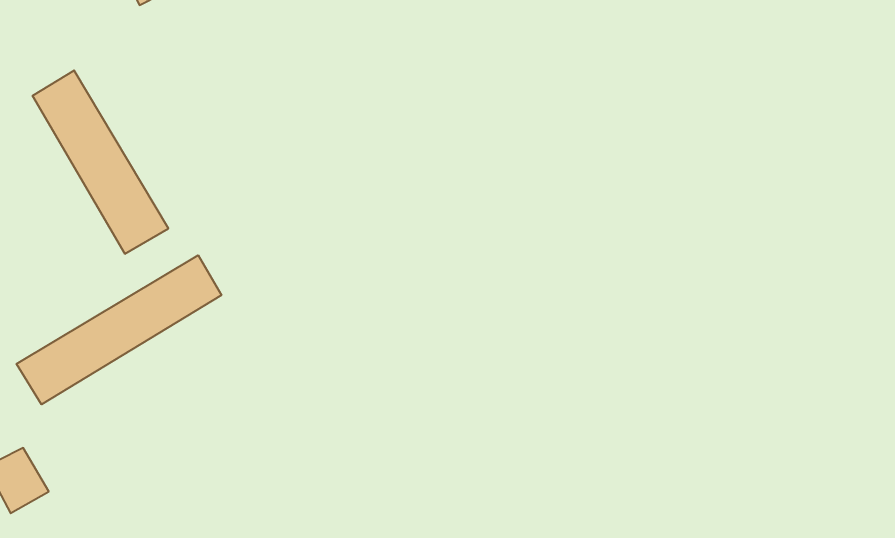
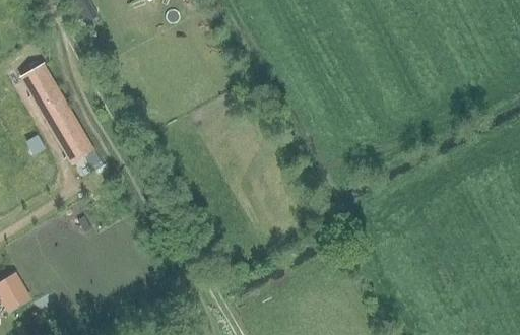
building: [17,255,221,404] -> none

